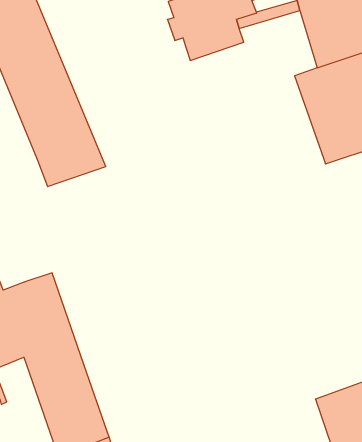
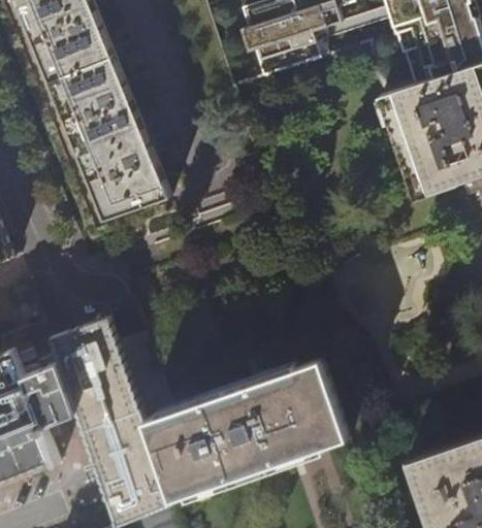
building: none -> [142,360,346,500]

